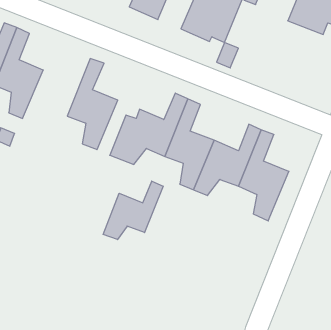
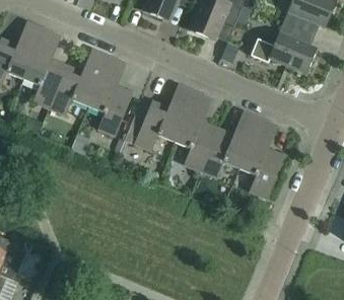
building: none -> [251,22,316,73]
building: none -> [49,51,109,114]
building: [103,181,163,240] -> none

